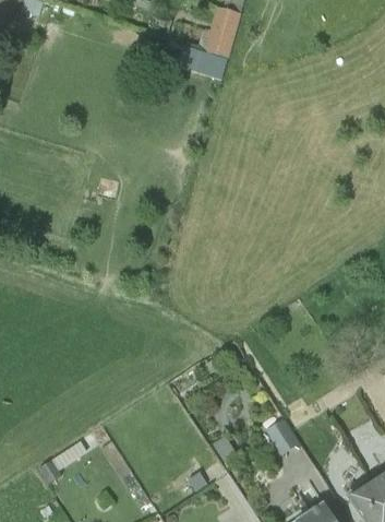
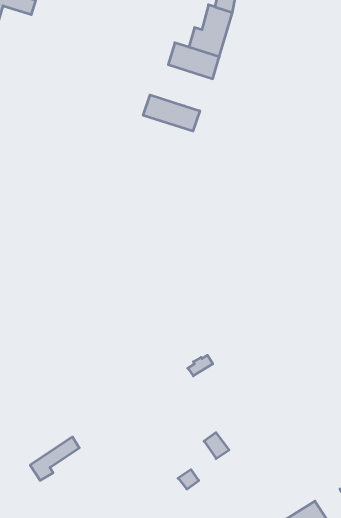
building: none -> [143,95,200,131]
building: [265,418,300,454] -> none

